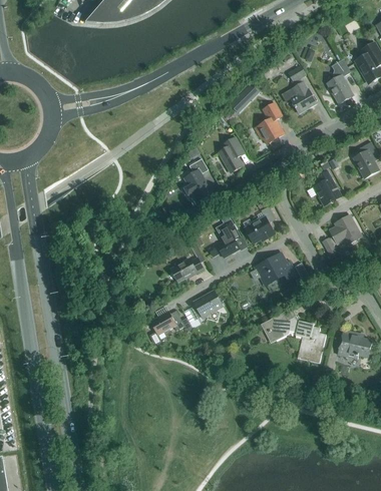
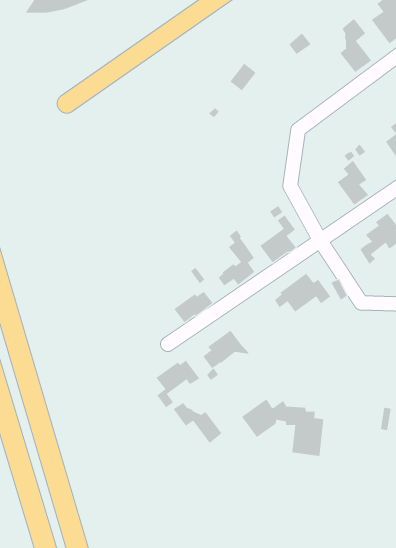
building: [283,82,317,113] -> none
building: [255,103,285,144] -> none
building: [219,137,244,173] -> none
building: [184,159,212,199] -> none
building: [262,313,327,364] -> [241,398,324,457]
building: none -> [173,402,222,444]

